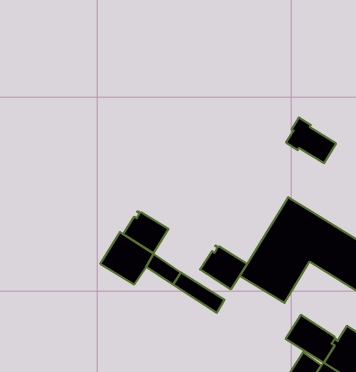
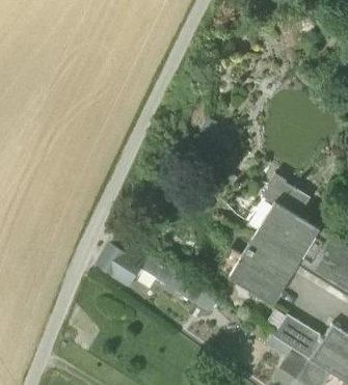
building: [286,117,336,163] -> [263,172,311,216]
building: [123,211,168,253] -> none
building: [200,245,247,289] -> none

